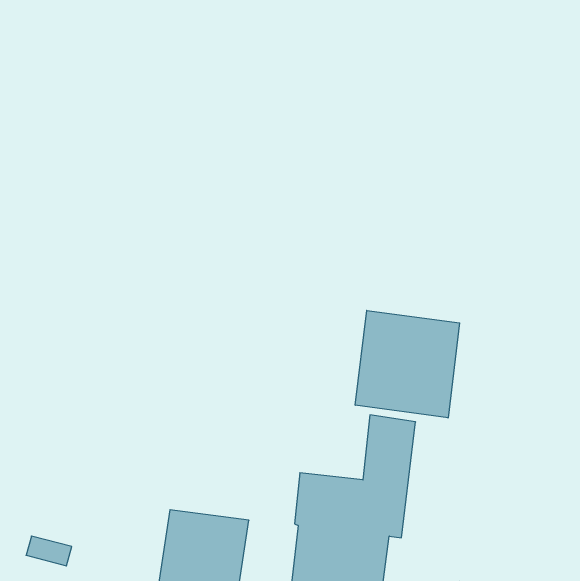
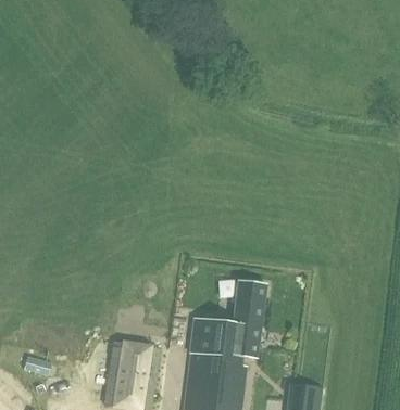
building: [355,310,460,418] -> none

